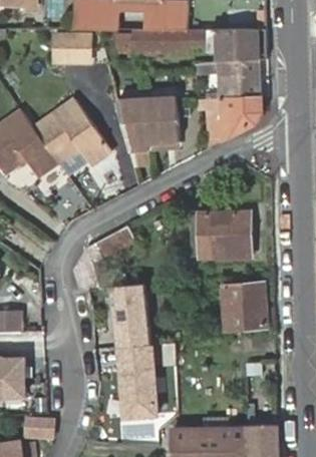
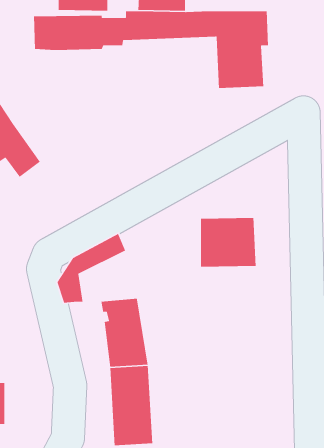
building: [205,94,262,149] -> none
building: [115,97,180,157] -> none
building: [34,99,110,166] -> none
building: [224,285,268,328] -> none

